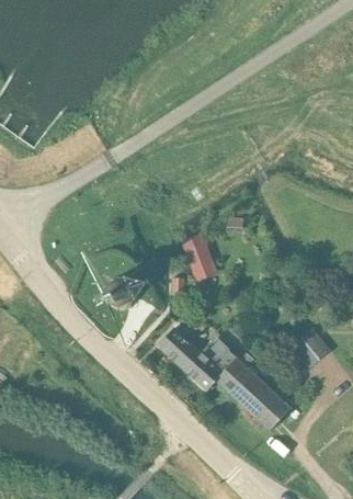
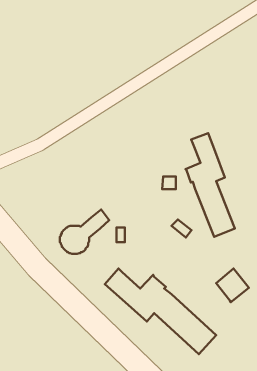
building: none -> [185,133,235,237]
building: [180,233,217,281] -> none

